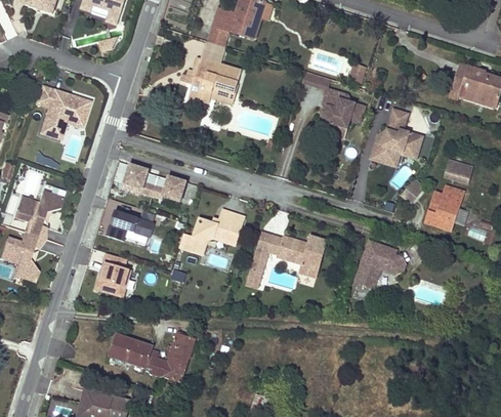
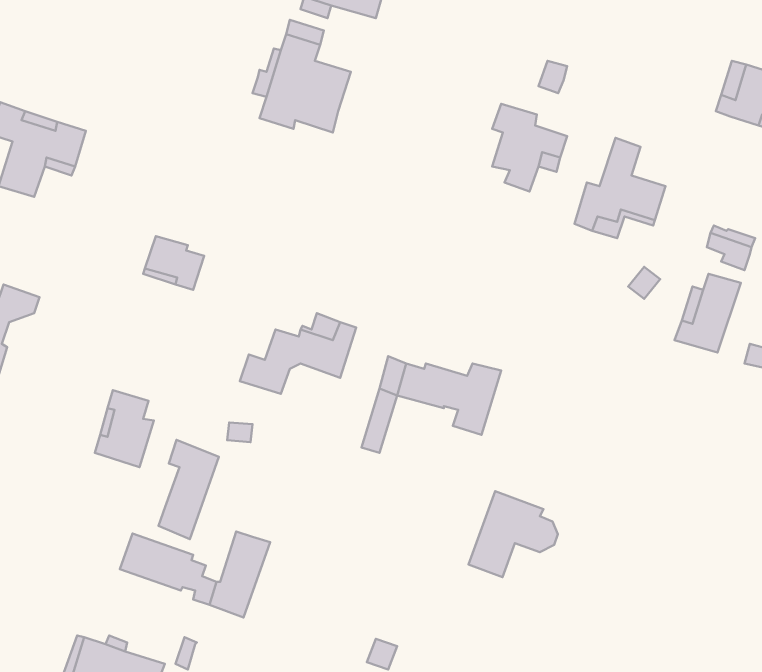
building: [151,174,185,200] -> none
building: [105,209,153,240] -> none
building: [354,240,406,289] -> [468,491,558,577]
building: none -> [158,440,219,539]

